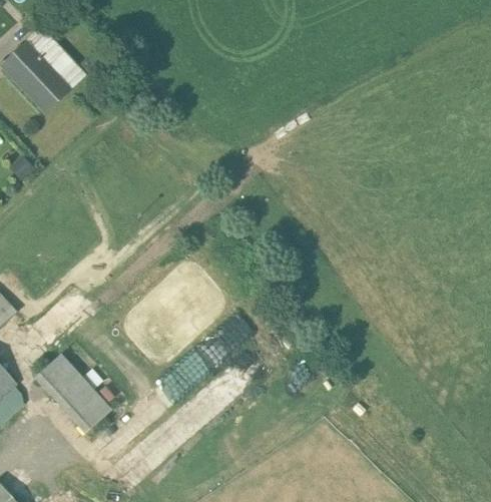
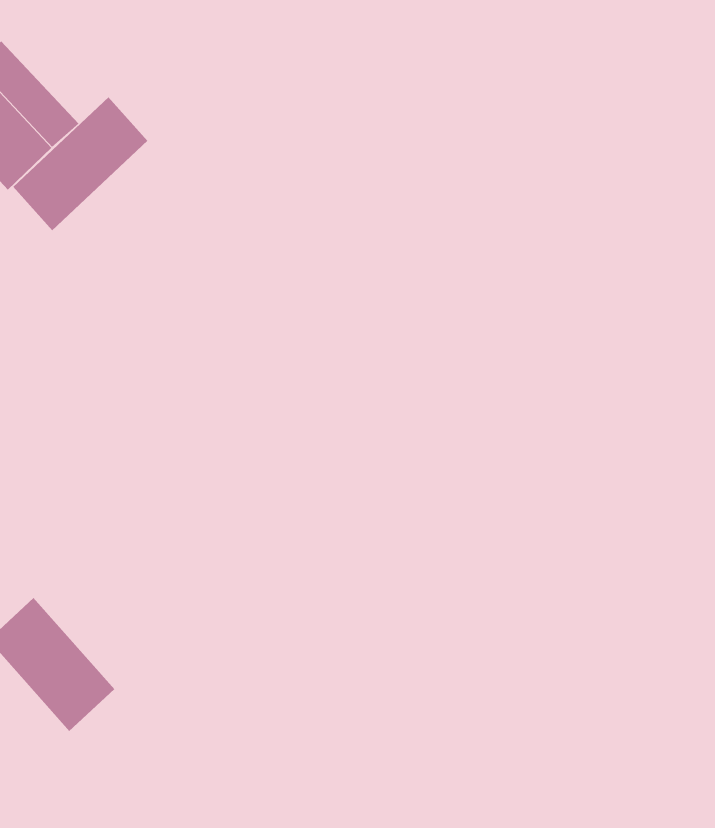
building: none -> [12,97,148,231]

